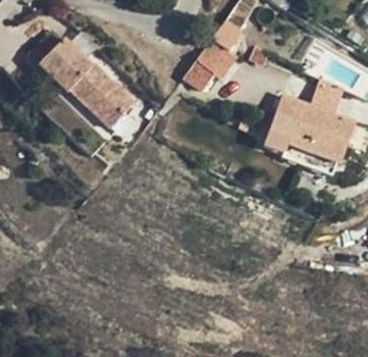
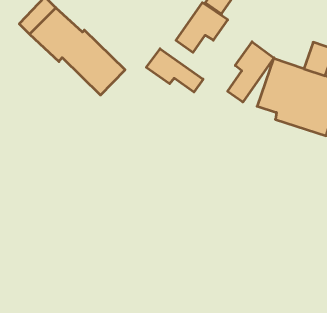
building: none -> [228,42,274,102]
building: none -> [146,49,203,92]

